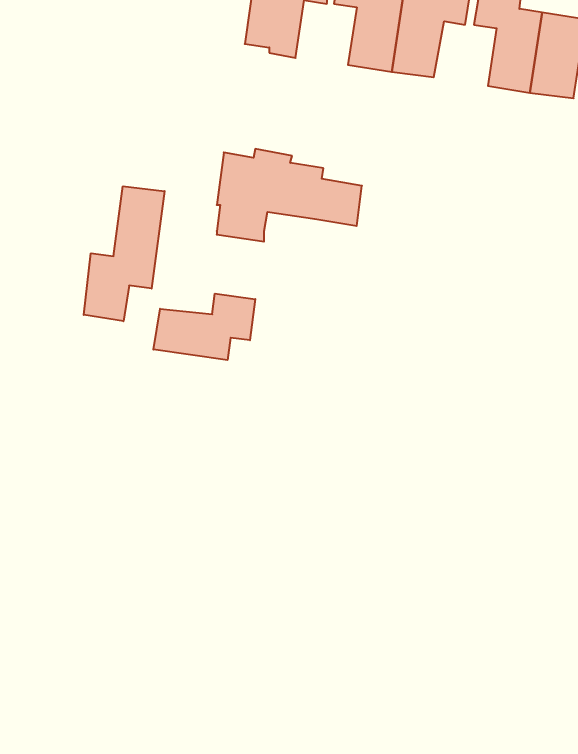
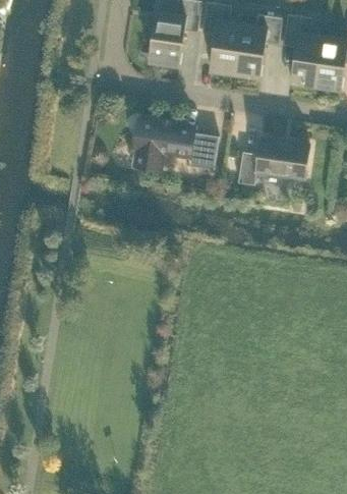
building: none -> [237,141,307,187]
building: [84,186,165,321] -> none
building: [153,294,255,360] -> none

